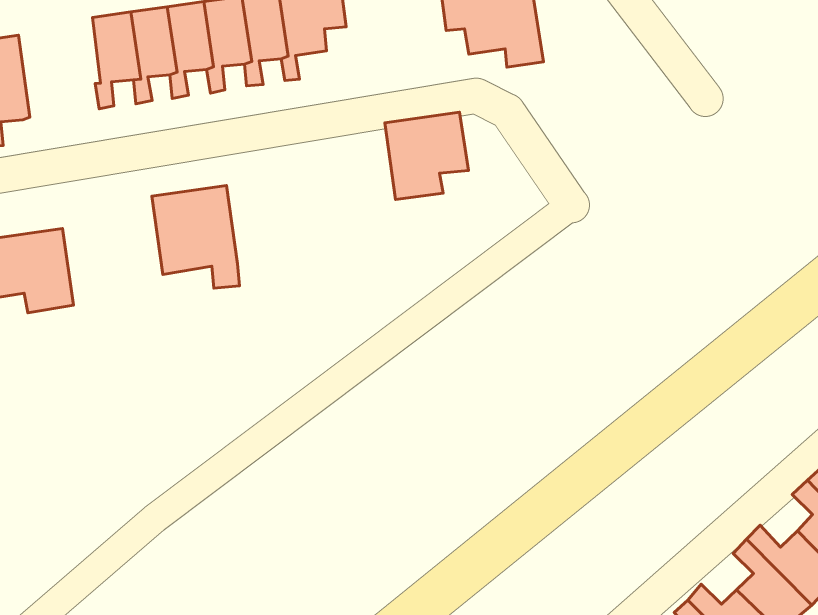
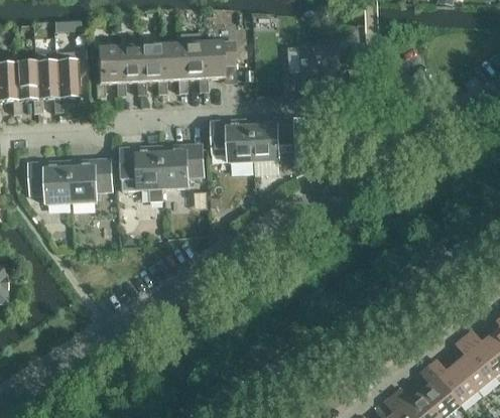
building: none -> [53,51,79,111]
building: none -> [211,119,253,162]
building: none -> [161,143,204,188]
building: none -> [70,158,112,202]

